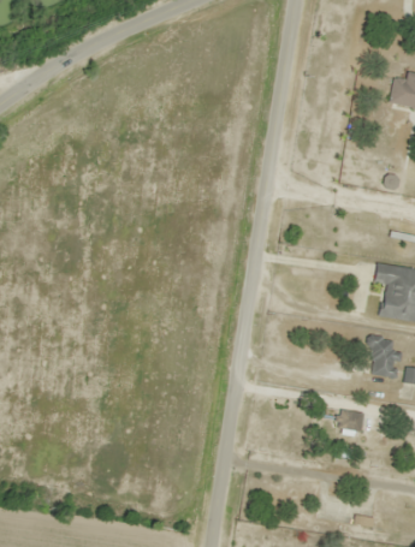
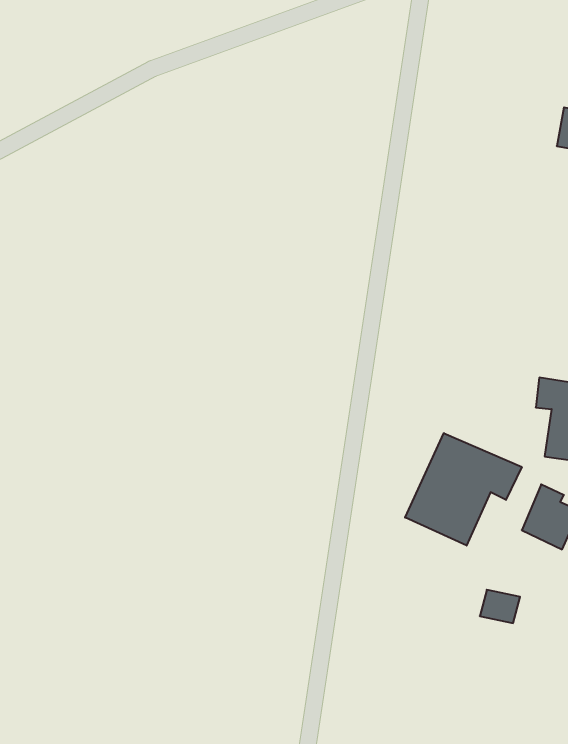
building: none -> [405,433,522,546]

